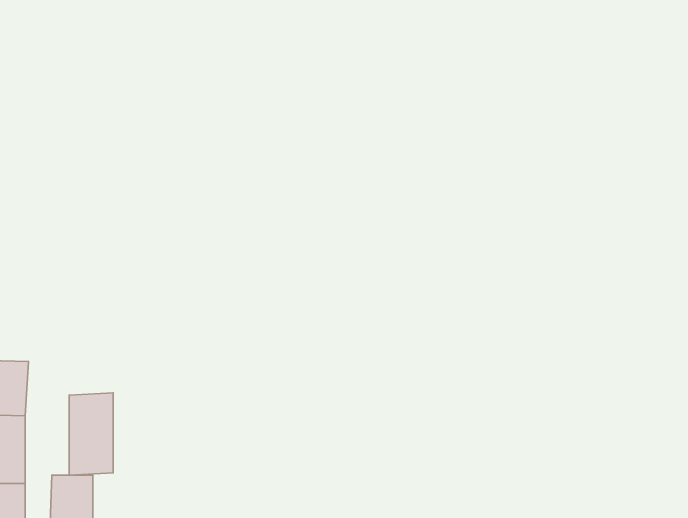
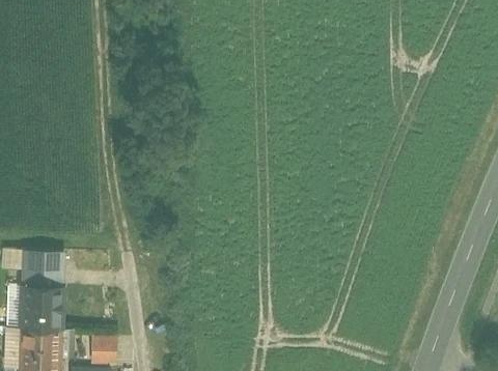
building: [69,393,113,475] -> none

